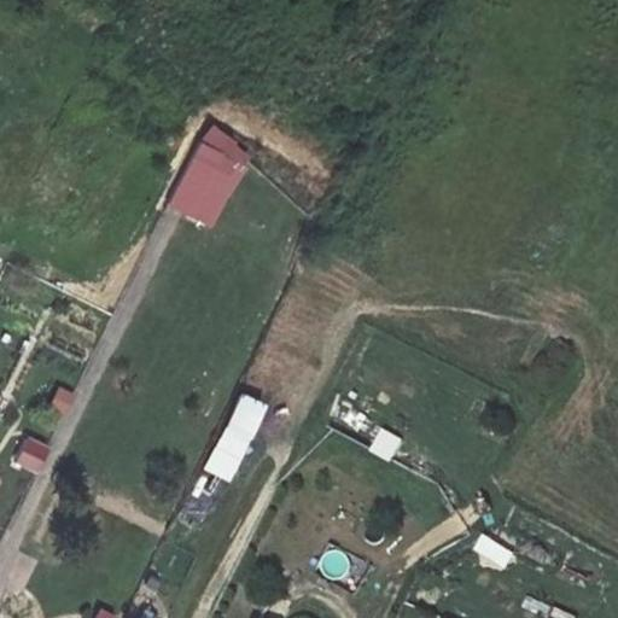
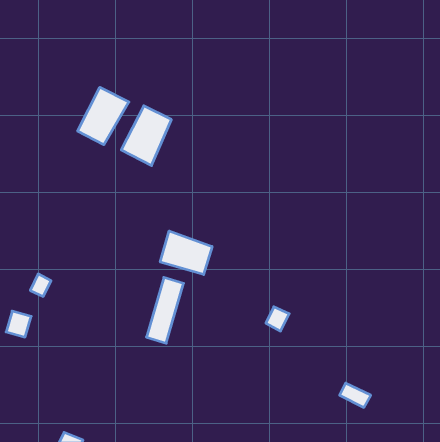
building: none -> [78,87,129,145]
building: none -> [160,231,212,275]

